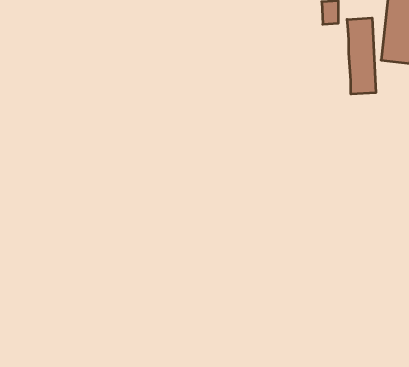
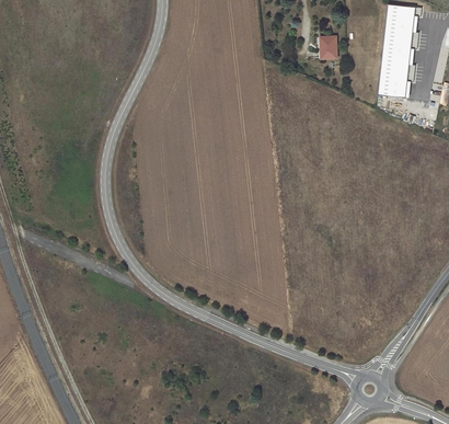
building: [347,18,376,94] -> none

